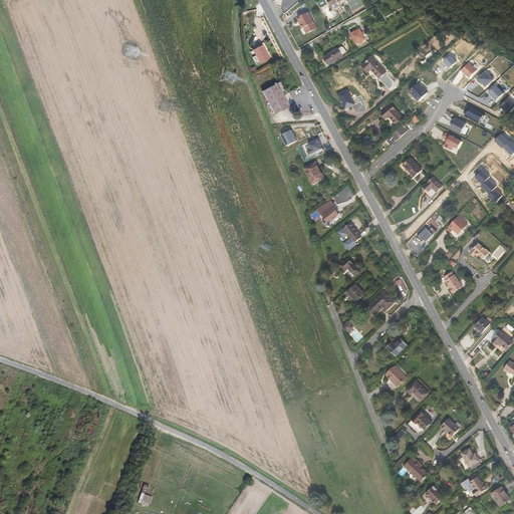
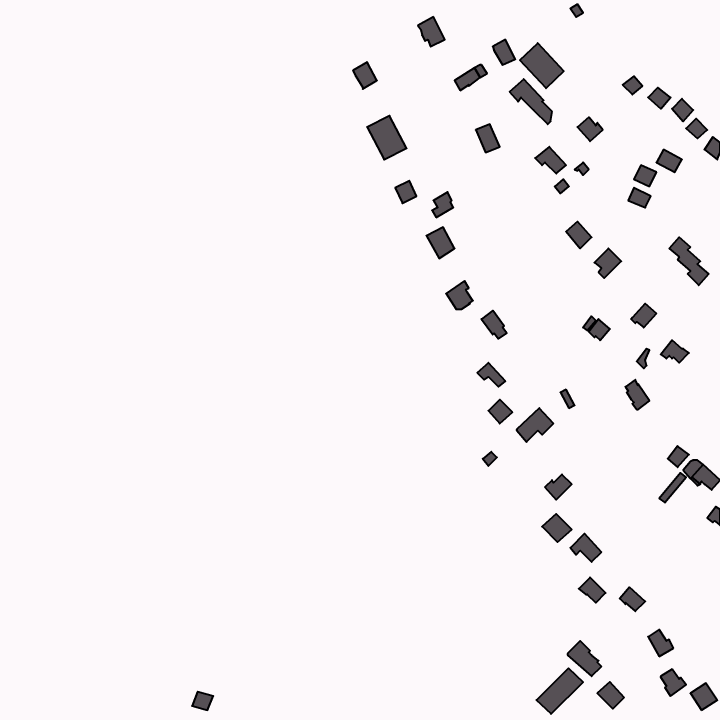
building: none -> [520,43,564,88]
building: none -> [536,668,583,714]

